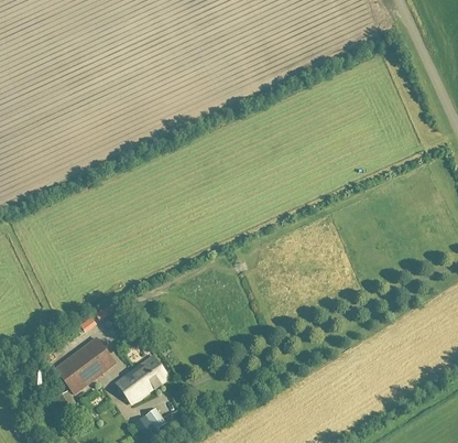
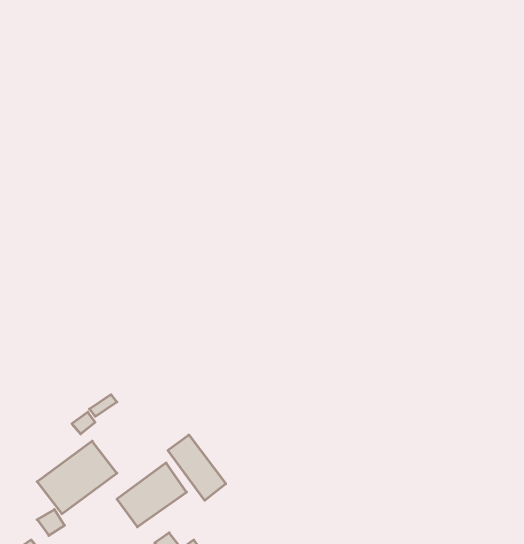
building: none -> [168,435,226,500]

